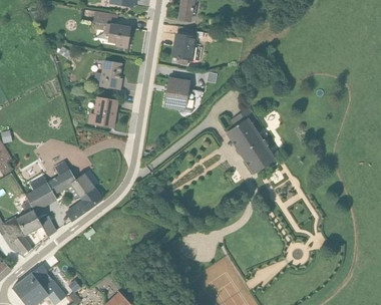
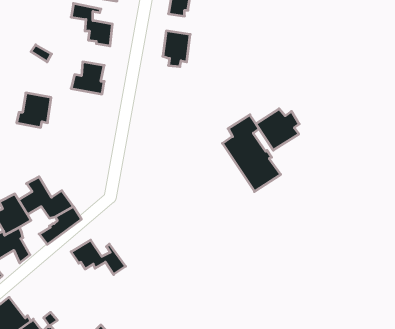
building: [167,78,194,112] -> none
building: [87,96,117,126] -> [17,93,51,127]
building: none -> [256,109,299,150]
building: none -> [71,240,126,275]

